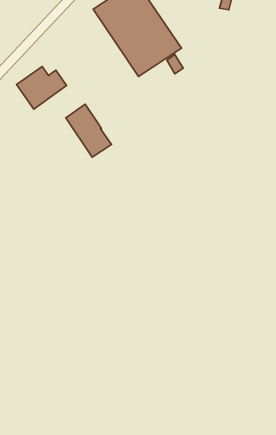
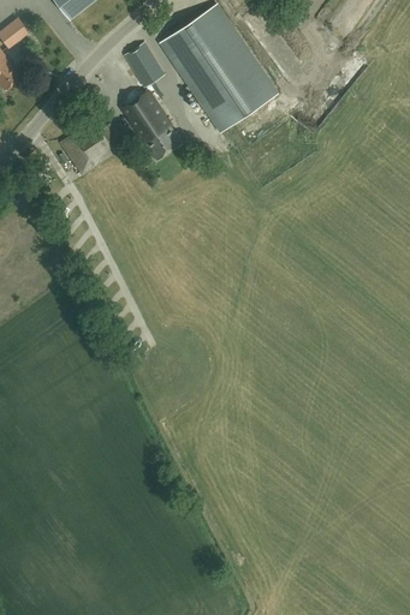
building: none -> [124,43,164,86]
building: [66,104,111,157] -> [121,90,182,160]

